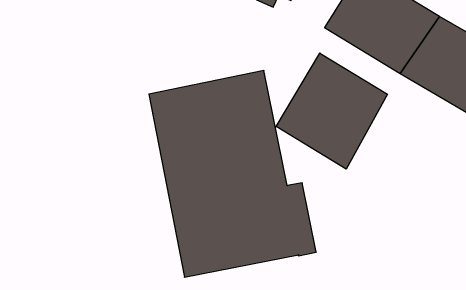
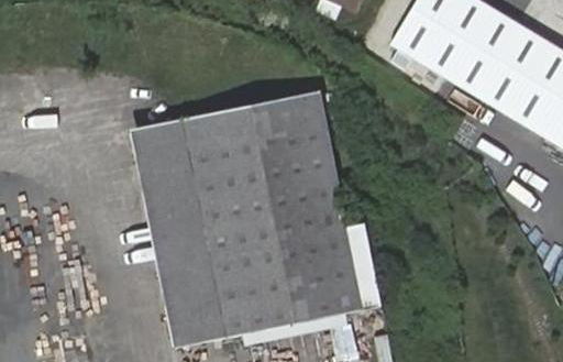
building: [276,53,387,169] -> none
building: none -> [142,121,228,345]

